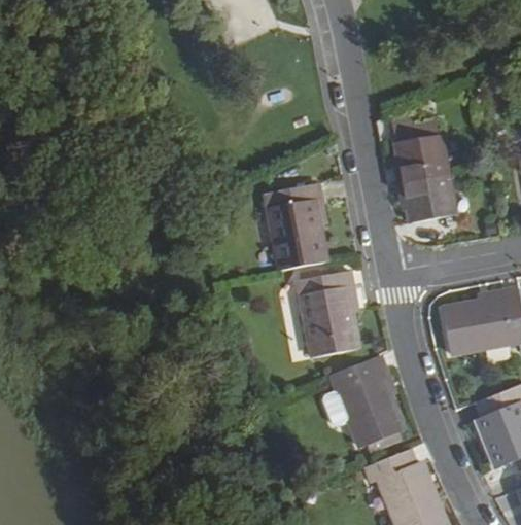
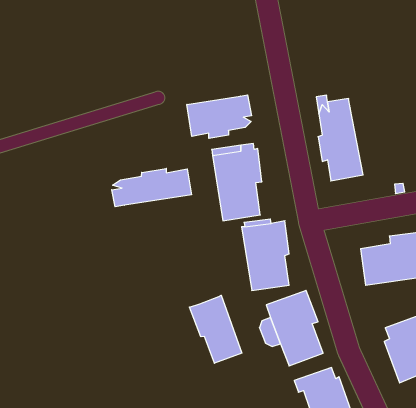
building: none -> [187,95,251,138]
building: none -> [112,168,191,207]
building: none -> [189,295,242,363]

